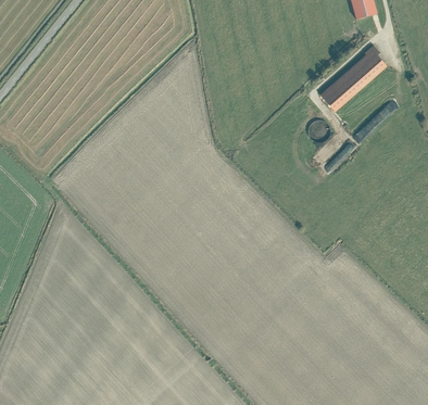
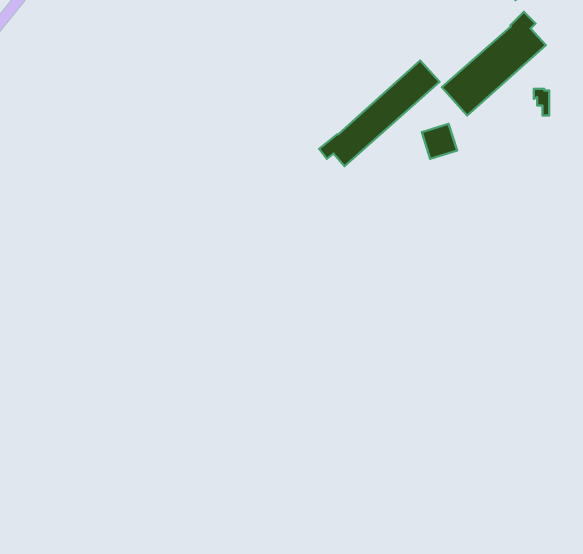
building: none -> [319,61,439,166]

